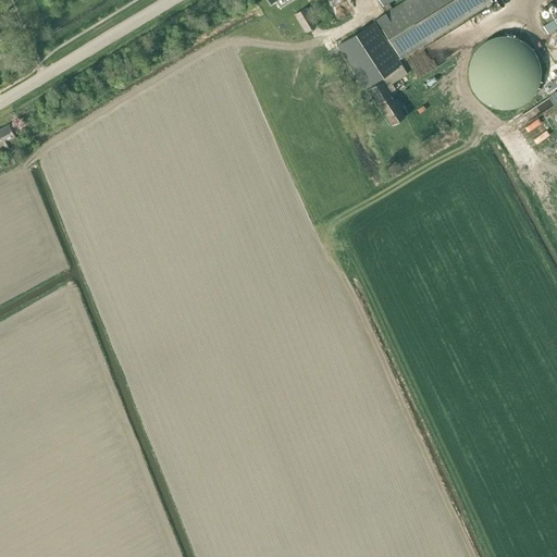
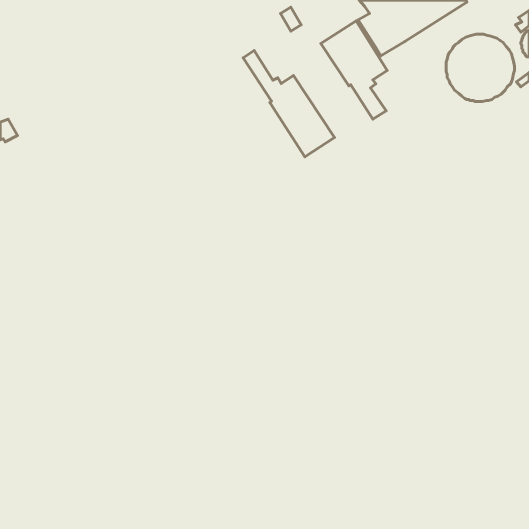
building: none -> [243,50,334,157]

